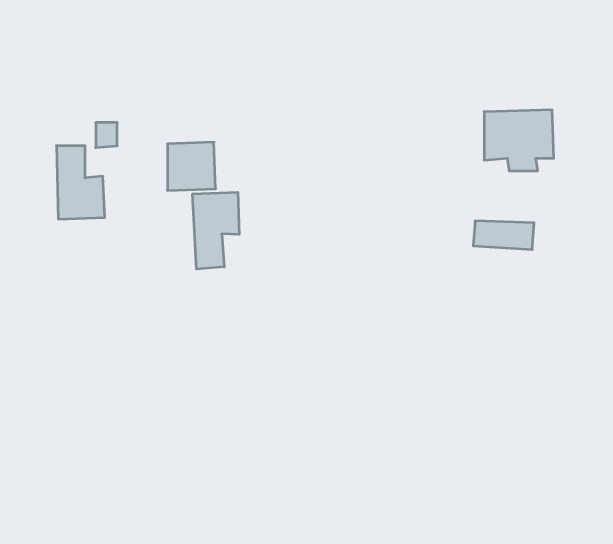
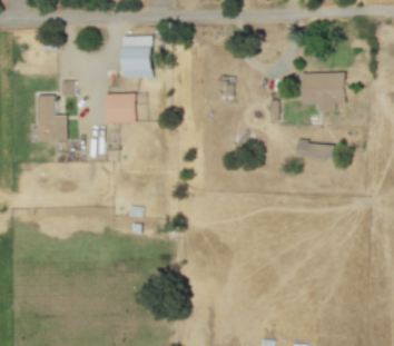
building: none -> [121,36,150,77]
building: [193,192,239,269] -> none

